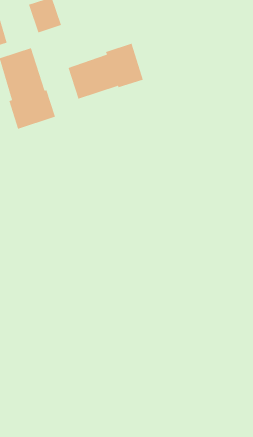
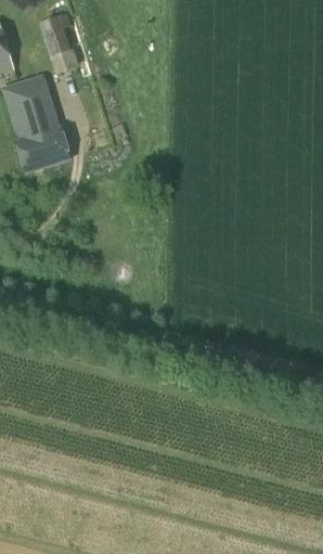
building: [68,43,144,100] -> none

